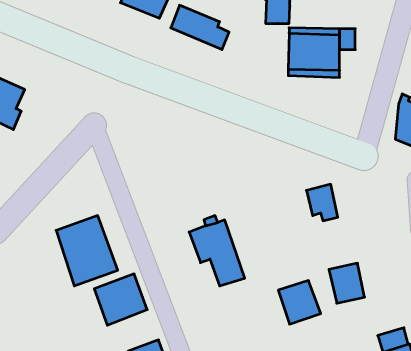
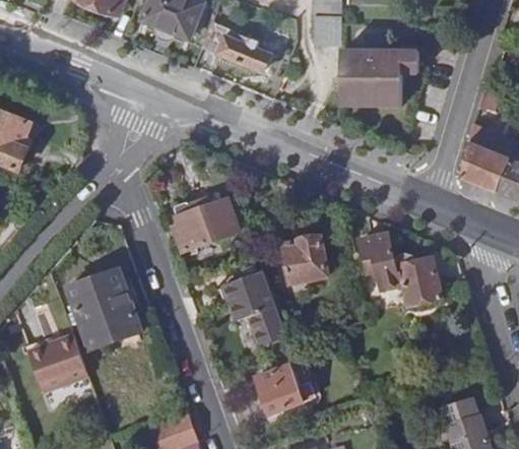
building: none -> [167,196,238,252]
building: none -> [285,238,327,284]
building: [329,263,365,303] -> [400,256,442,303]
building: [94,274,147,325] -> [25,334,87,394]
building: [278,281,321,324] -> [257,365,307,415]

